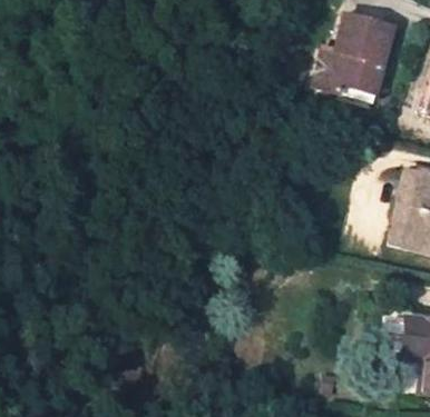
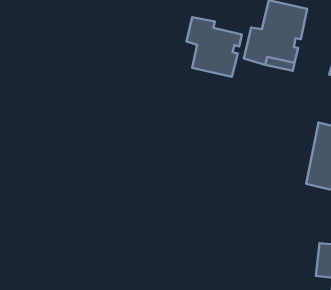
building: none -> [187,17,242,77]

